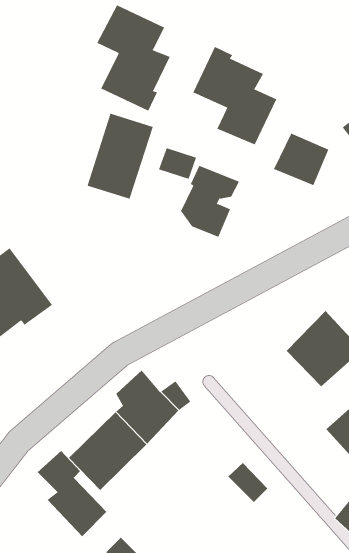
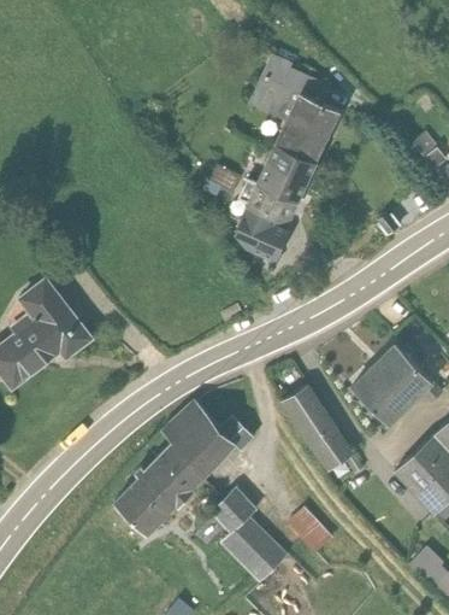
building: [97,4,170,111] -> none
building: [87,113,153,200] -> none
building: [273,133,329,186] -> [255,142,317,200]
building: none -> [280,385,355,471]
building: [37,450,107,537] -> [209,487,286,582]

